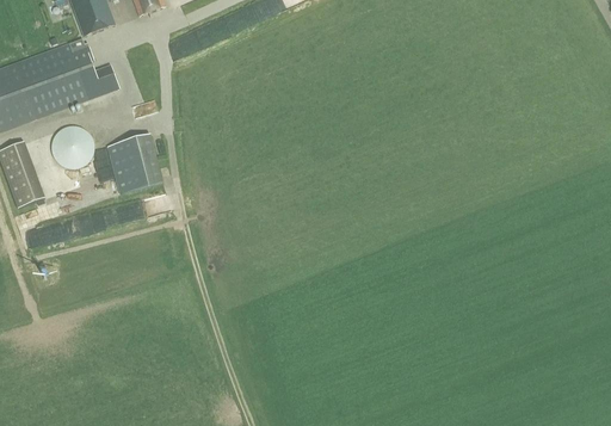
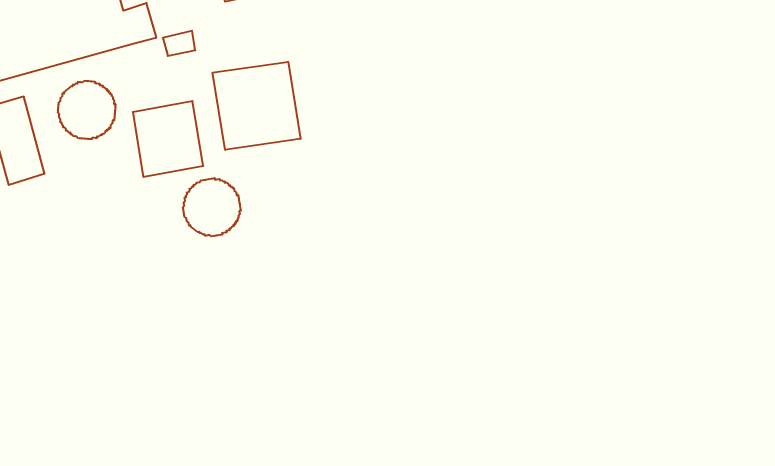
building: none -> [213,62,301,150]
building: none -> [183,178,241,236]

